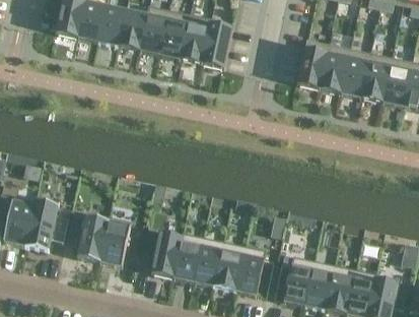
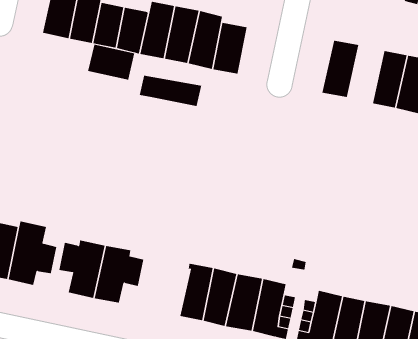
building: none -> [88,44,135,81]
building: [319,44,350,94] -> none
building: none -> [139,75,202,107]
building: [142,231,183,278] -> none

